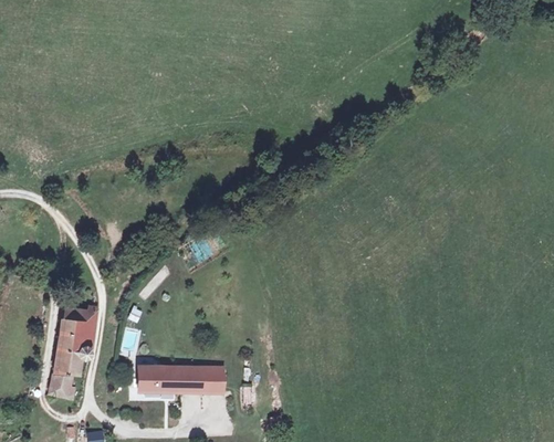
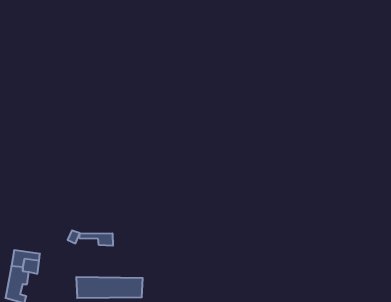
building: [60,307,95,335] -> none
building: none -> [80,233,113,246]

